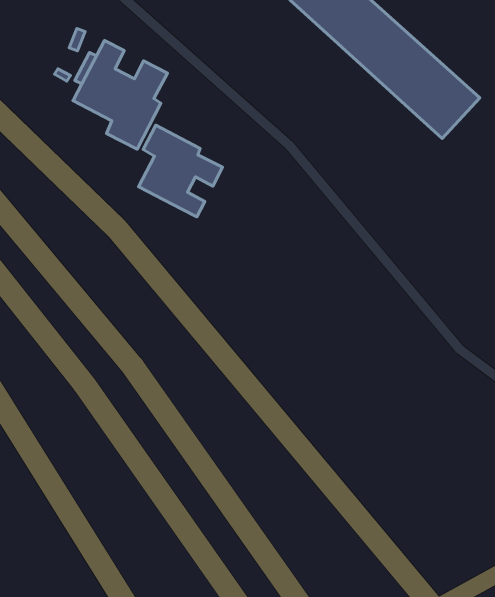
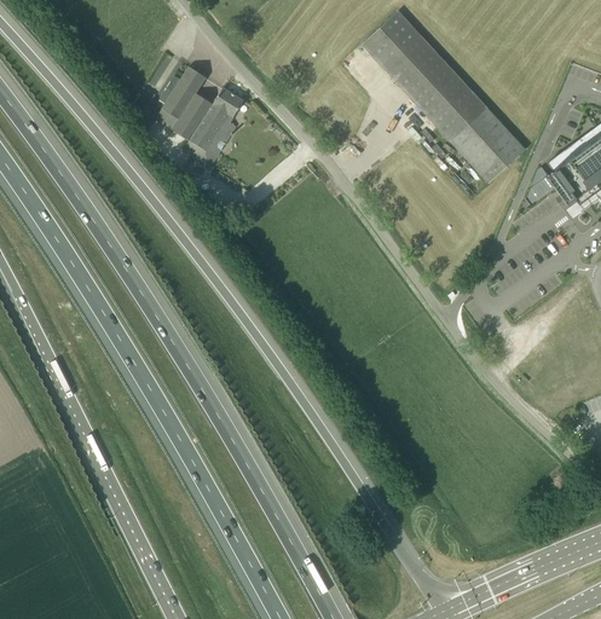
building: [138,125,222,217] -> none

